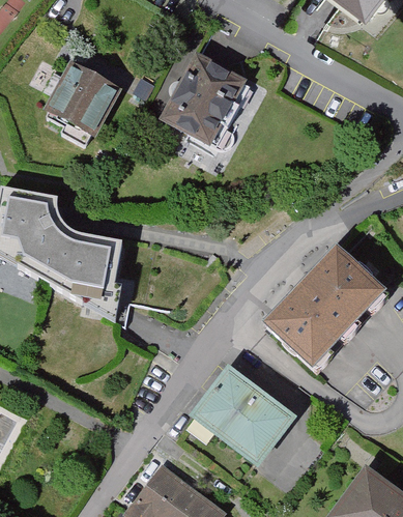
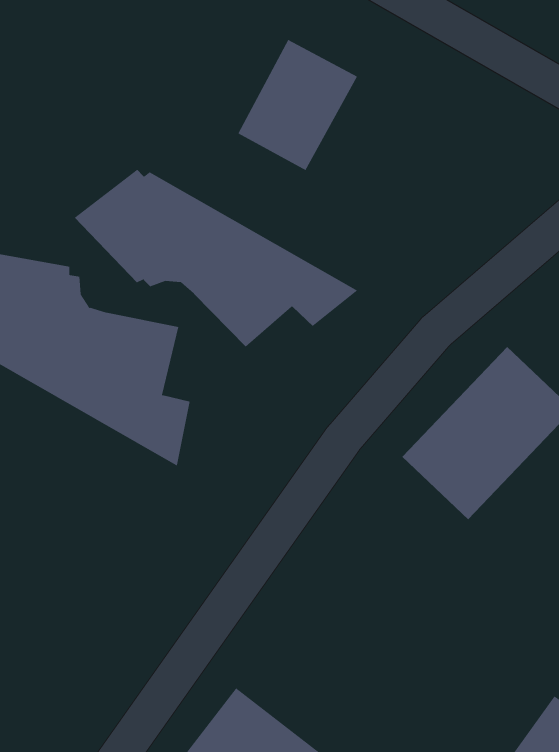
building: [48,63,116,132] -> none
building: none -> [74,169,358,347]
building: [195,371,293,464] -> none

